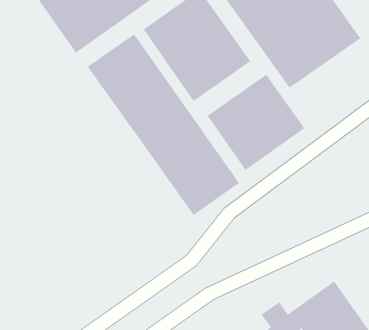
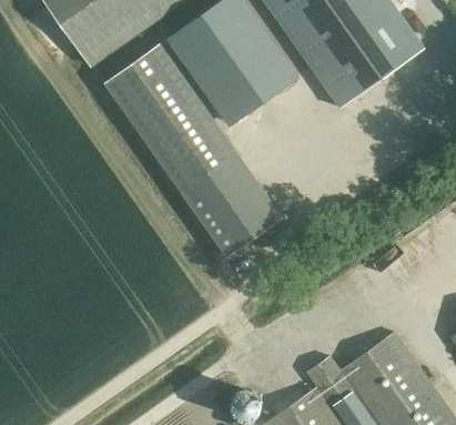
building: [207,74,305,171] -> none

